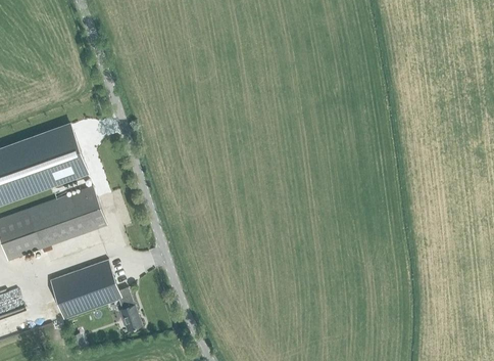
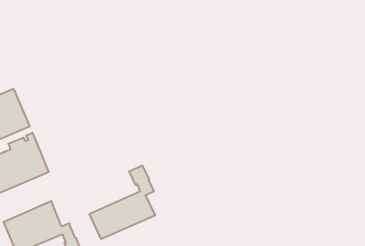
building: none -> [90,165,155,239]

